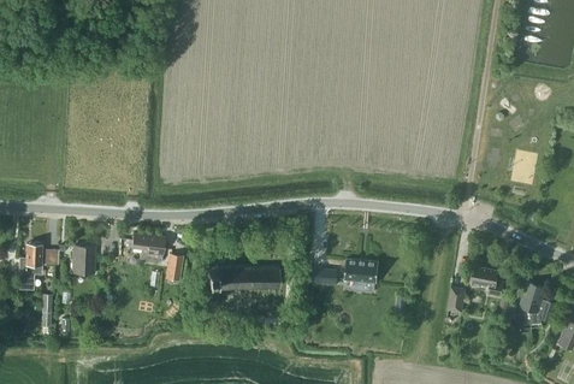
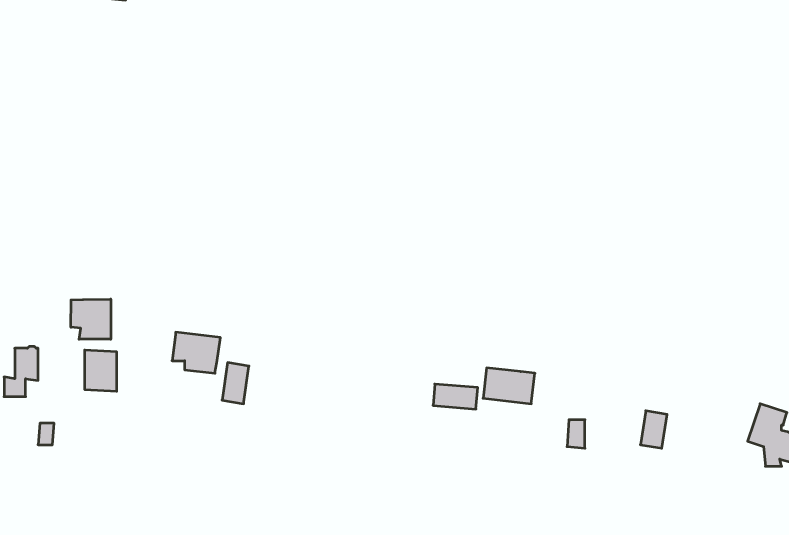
building: none -> [71,299,111,339]
building: [471,266,503,296] -> none
building: [208,267,278,289] -> none

